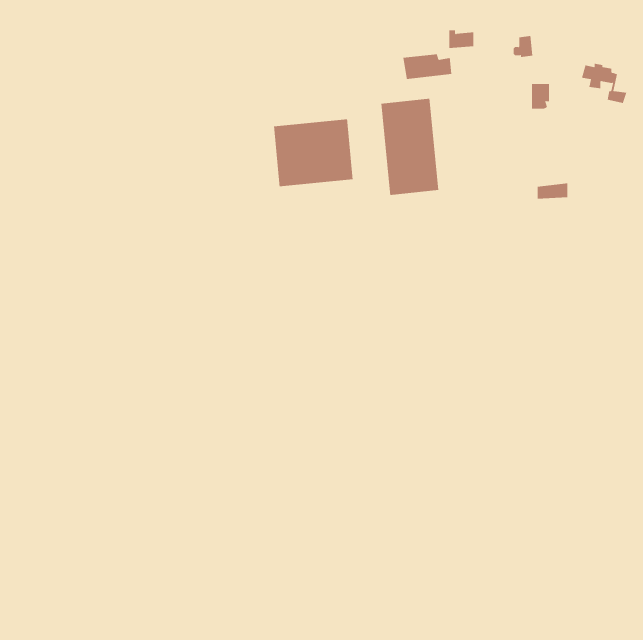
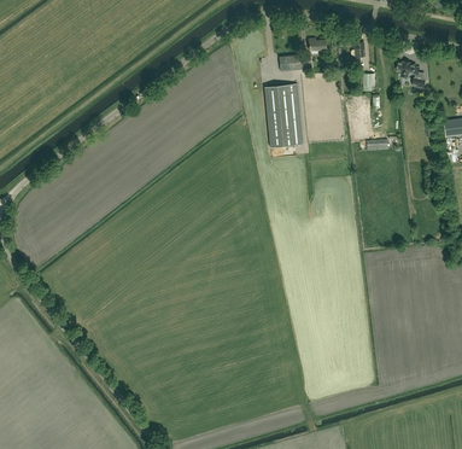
building: [274,119,353,187] -> none

